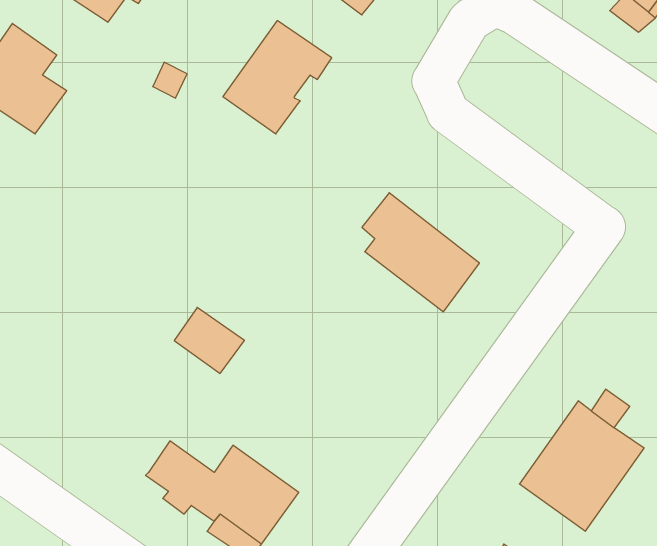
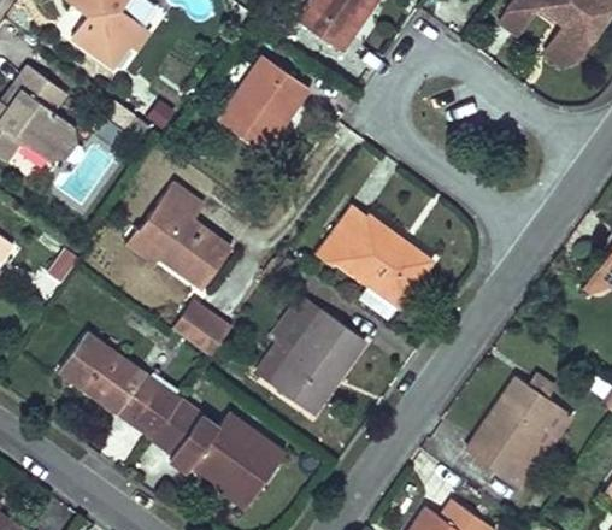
building: none -> [140,183,230,290]
building: none -> [267,300,366,414]
building: none -> [58,330,181,438]

